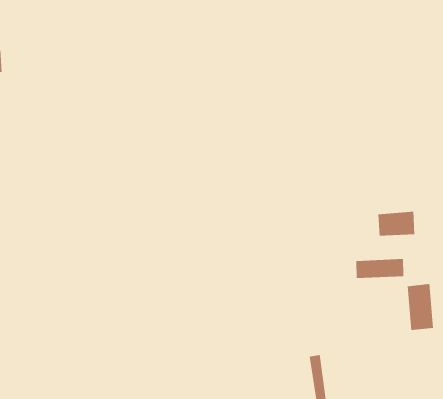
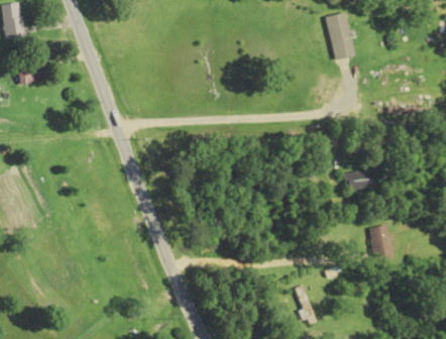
building: none -> [326,12,354,60]
building: [356,258,404,279] -> none

